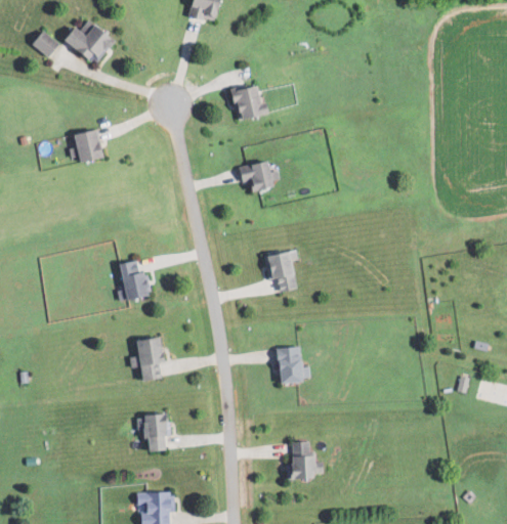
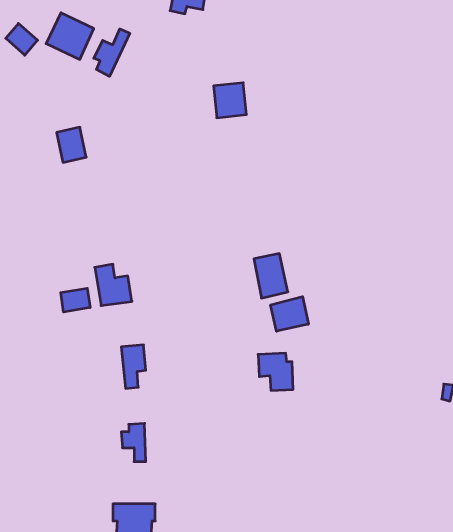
building: none -> [94,29,130,76]
building: [236,161,273,190] -> none
building: none -> [61,288,90,312]
building: none -> [271,297,308,331]
building: [281,441,315,479] -> none

